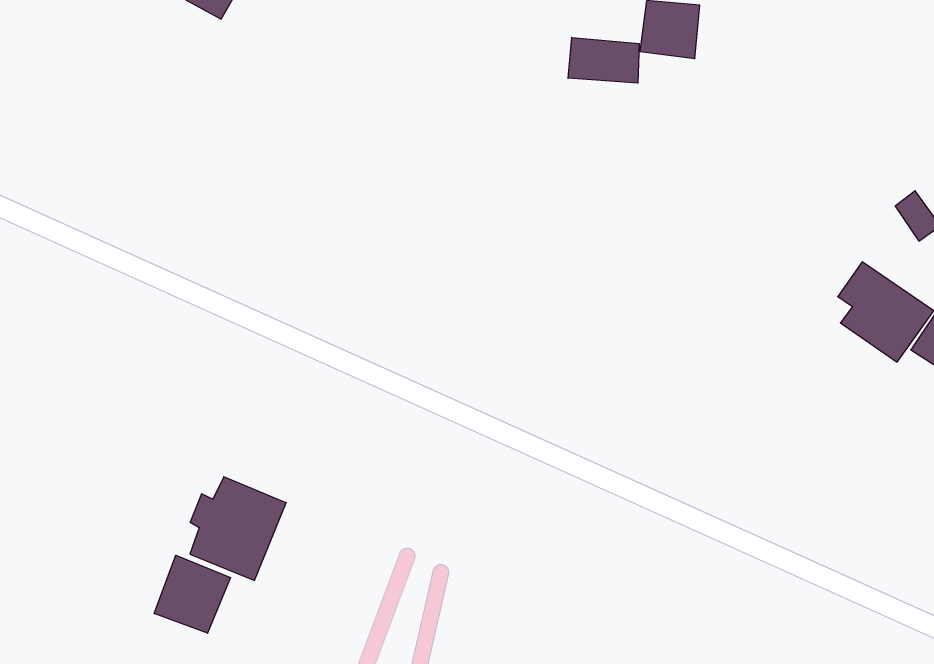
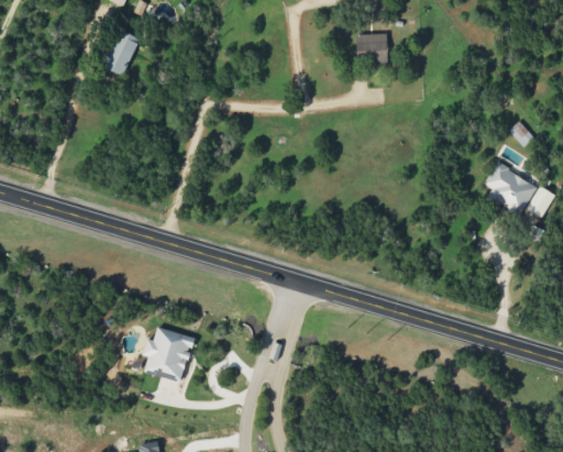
building: [568,37,639,83] -> none
building: [154,555,230,633] -> none

